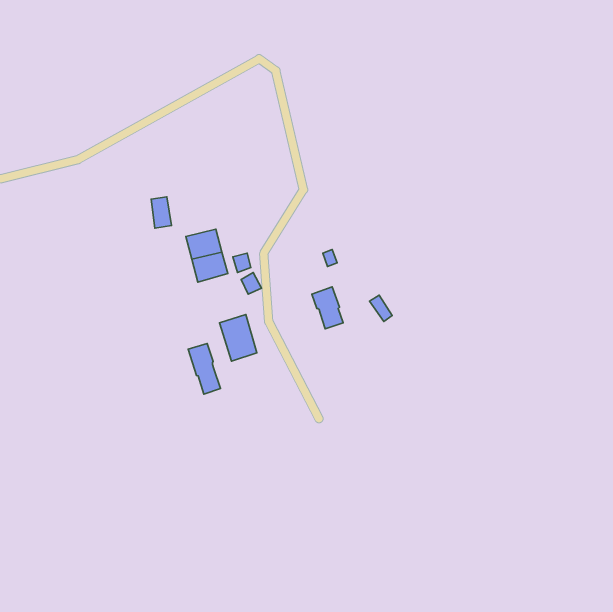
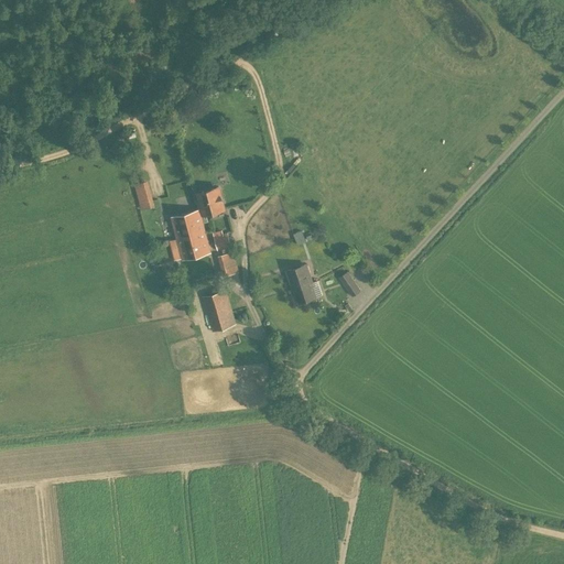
building: none -> [197,188,223,224]
building: [188,343,221,394] -> none

